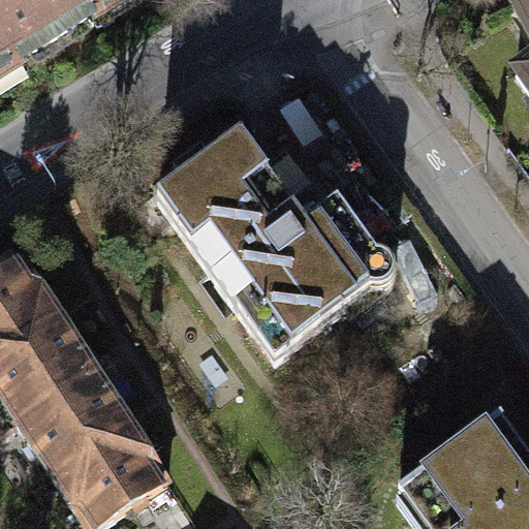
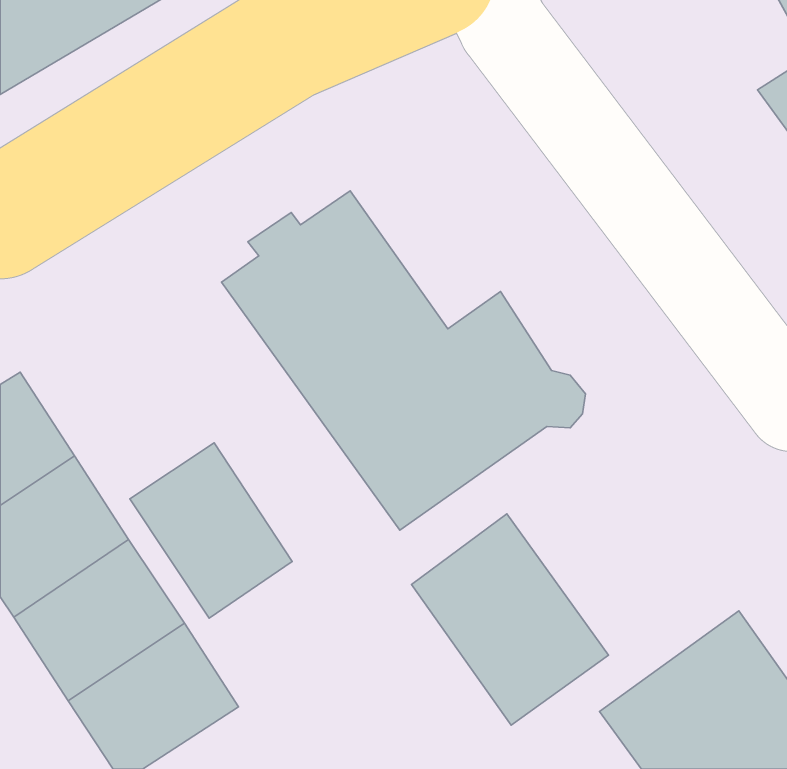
building: none -> [130,443,292,618]
building: none -> [411,514,609,725]

